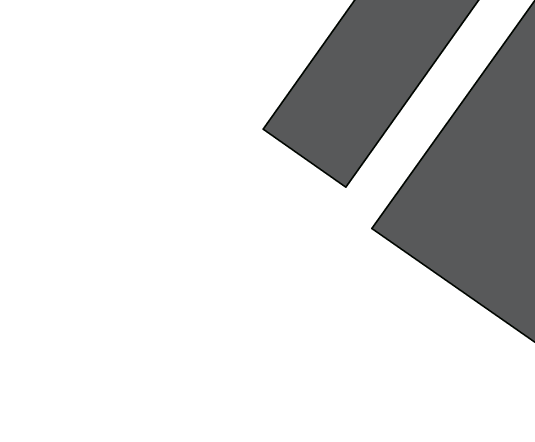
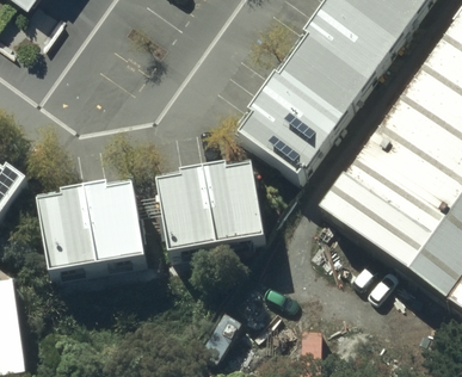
building: none -> [156,156,264,252]
building: none -> [37,174,144,271]

